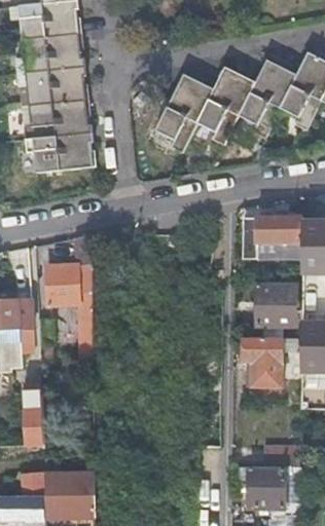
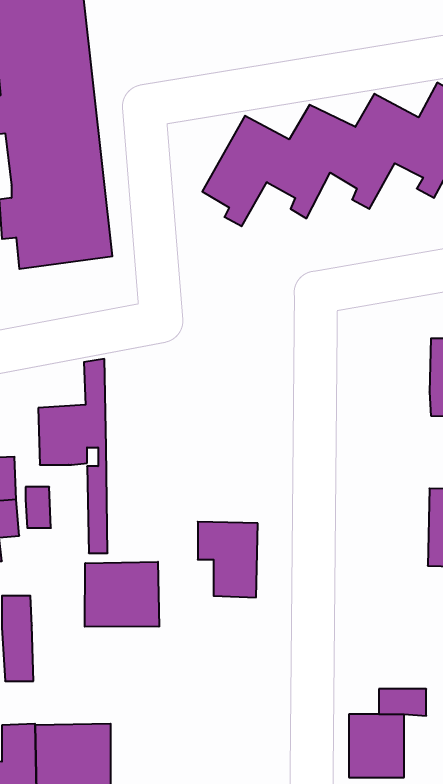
building: [242,215,303,257] -> none
building: [257,283,297,326] -> none
building: [244,336,283,385] -> [198,522,258,597]
building: none -> [85,562,159,627]

